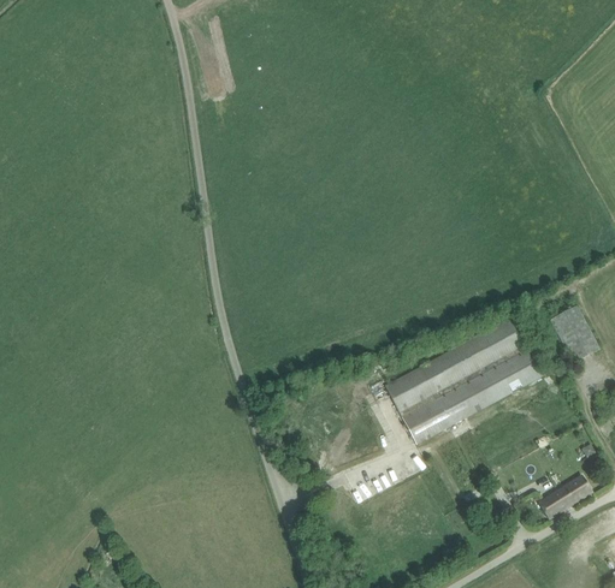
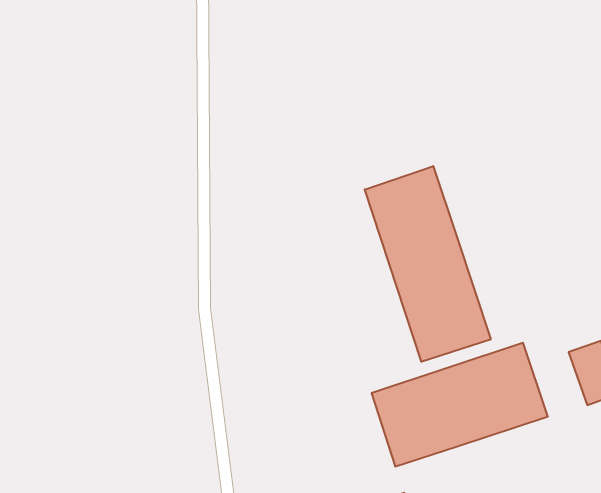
building: none -> [365,166,491,362]

